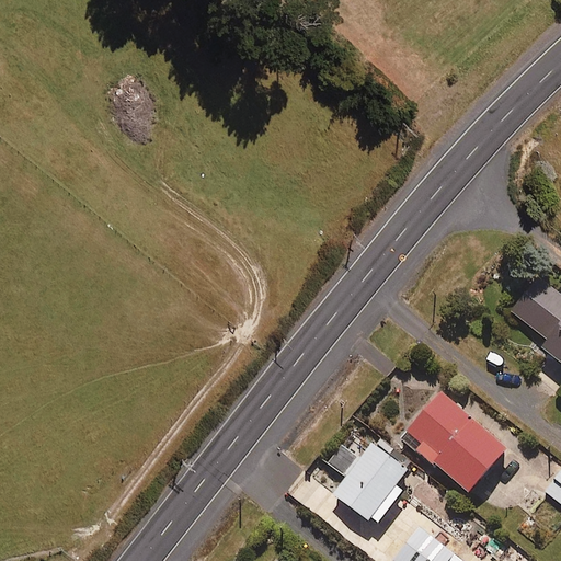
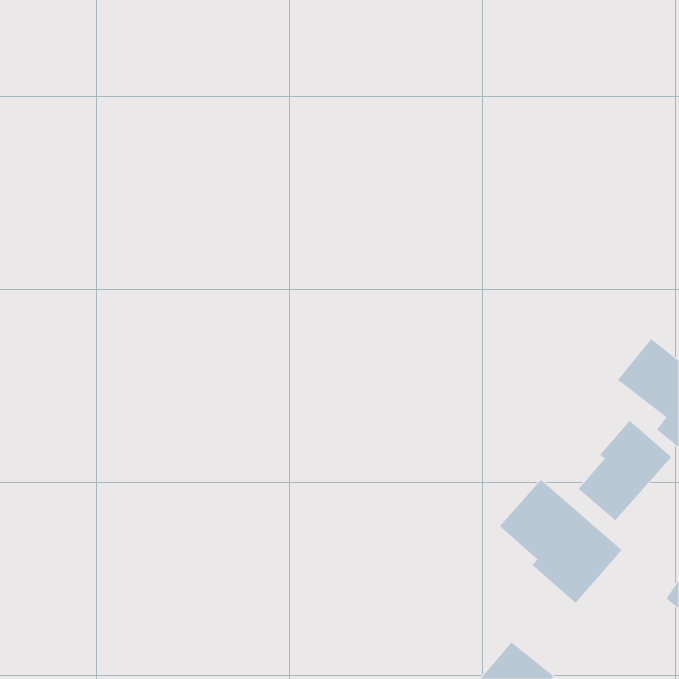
building: none -> [578,420,672,521]
building: [334,442,409,525] -> none

